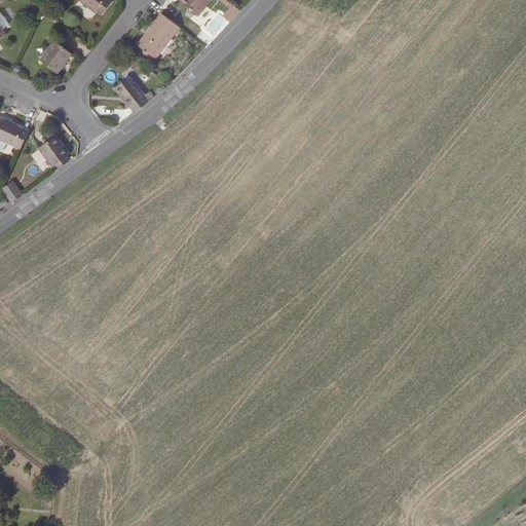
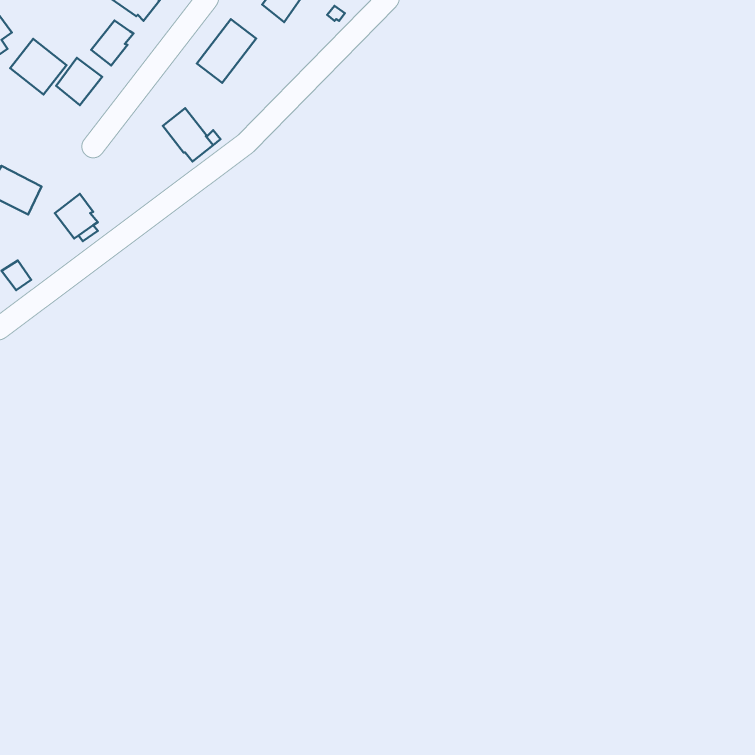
building: none -> [91,20,134,66]
building: none -> [10,39,66,94]

